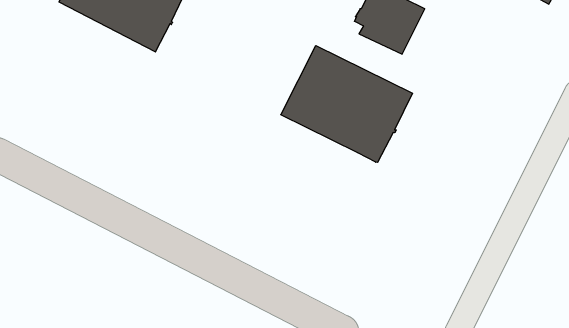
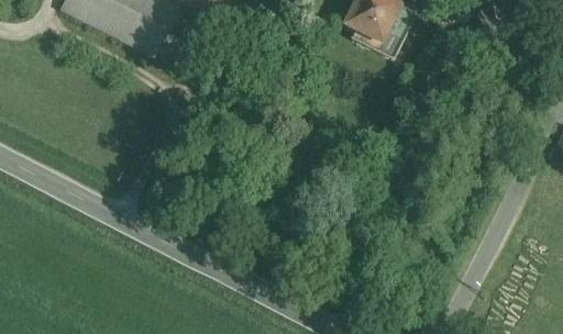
building: [281,46,413,162] -> none

